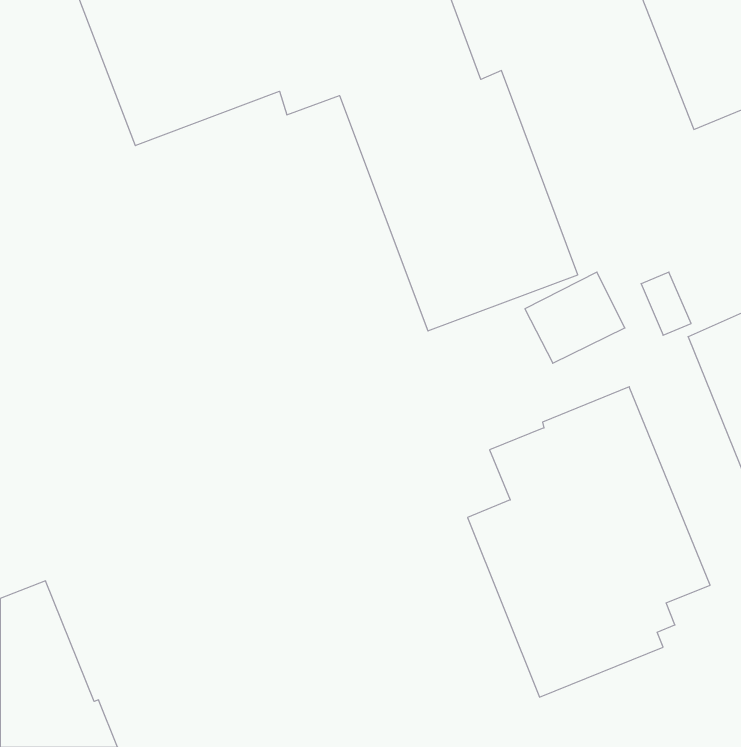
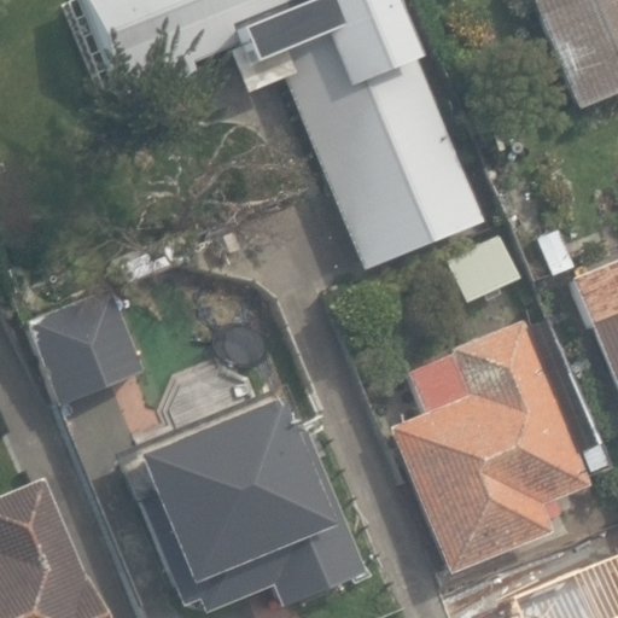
building: none -> [27,286,147,407]
building: none -> [129,400,363,607]

